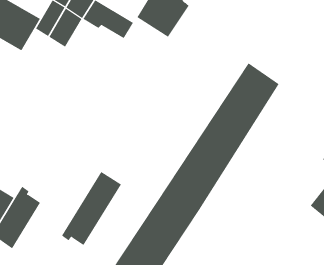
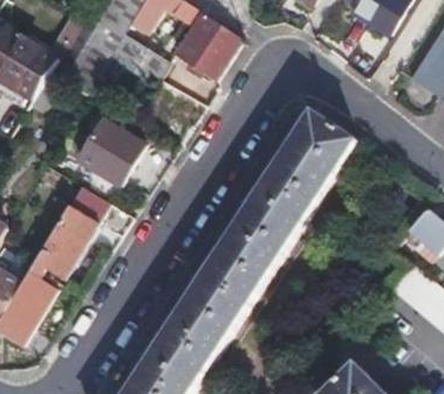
building: none -> [78,117,144,182]
building: [61,171,122,246] -> [32,183,108,277]

